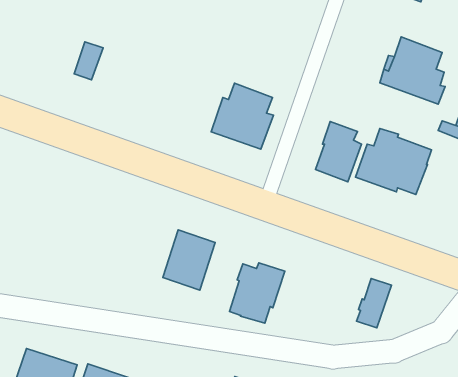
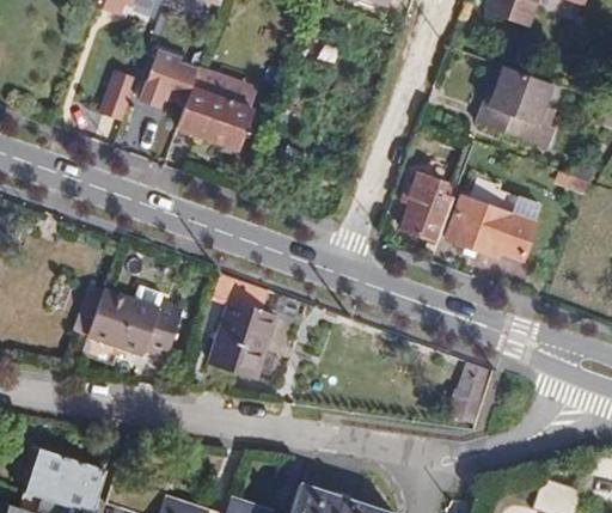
building: none -> [140,49,194,106]
building: [211,83,273,149] -> [178,69,255,151]
building: none -> [74,283,183,358]
building: [230,263,285,323] -> none

